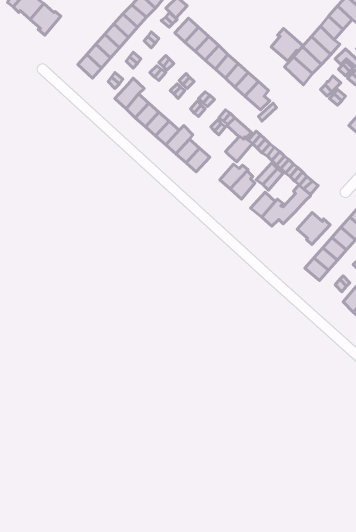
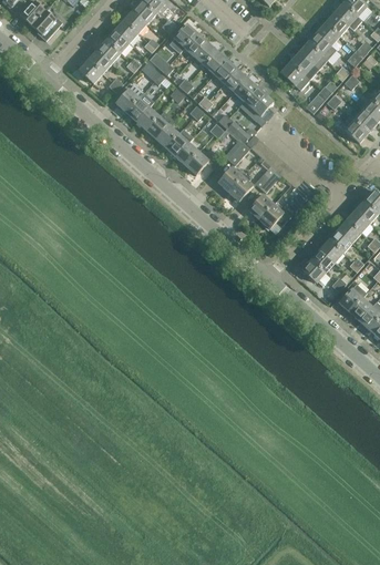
building: [271,28,303,61] -> none
building: [297,212,330,245] -> none

